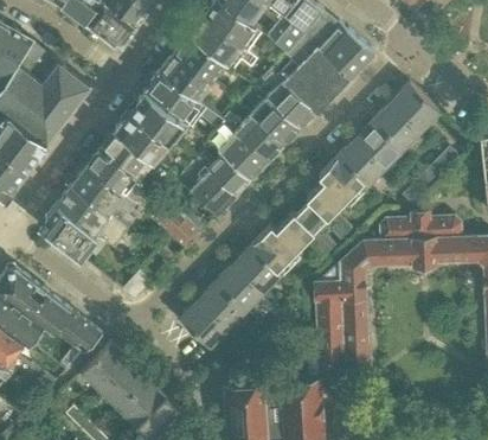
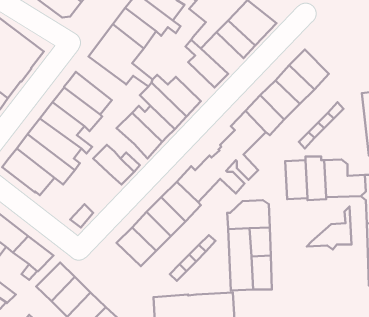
building: [282,63,334,114] -> none
building: [129,93,190,146] -> none
building: [251,100,298,147] -> none
building: [333,221,387,273] -> [307,207,351,249]

